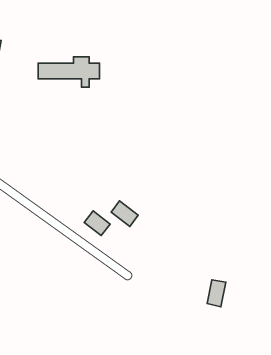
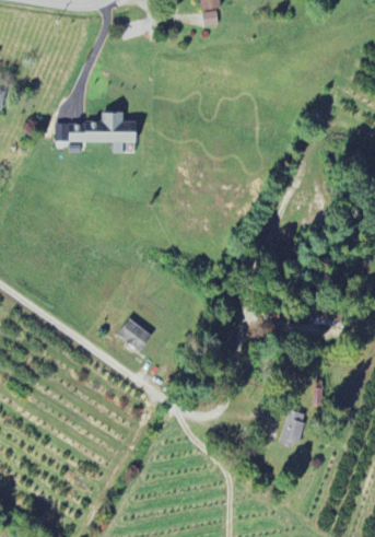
building: [111,201,138,227] -> none

